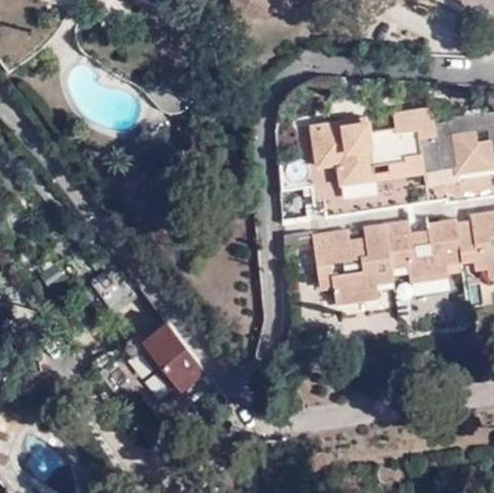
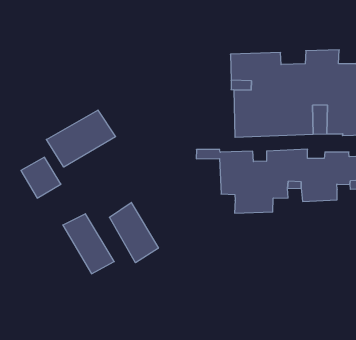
building: none -> [46,110,116,167]
building: none -> [109,202,158,263]

